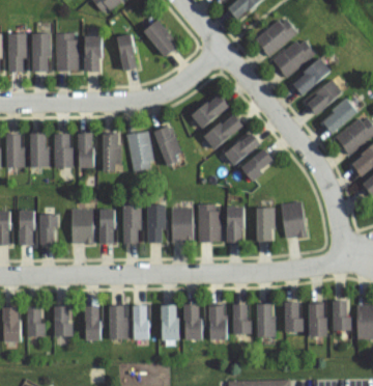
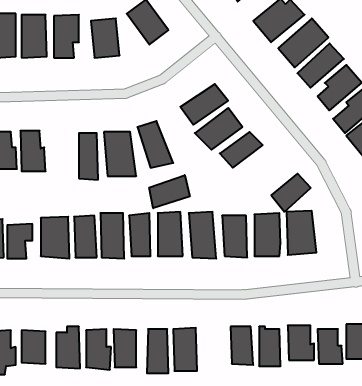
building: [75,132,95,166] -> none
building: [241,149,276,183] -> [271,174,311,212]
building: none -> [149,175,190,208]
building: [209,305,229,337] -> none

